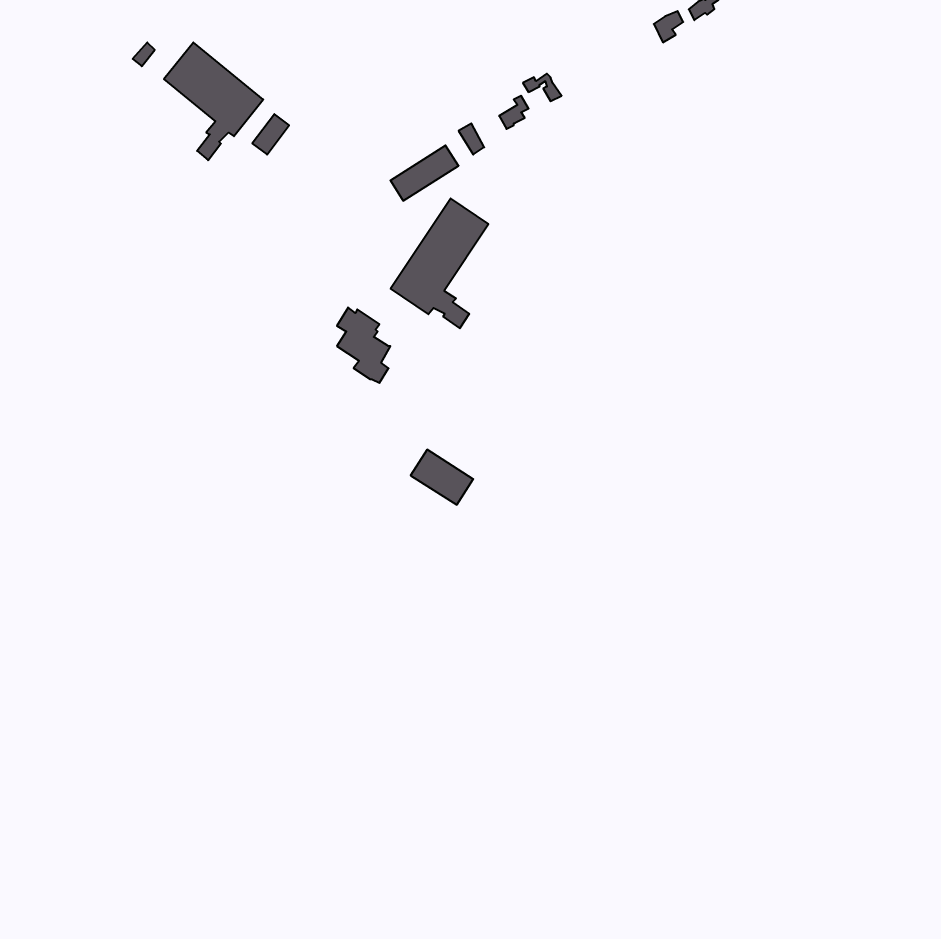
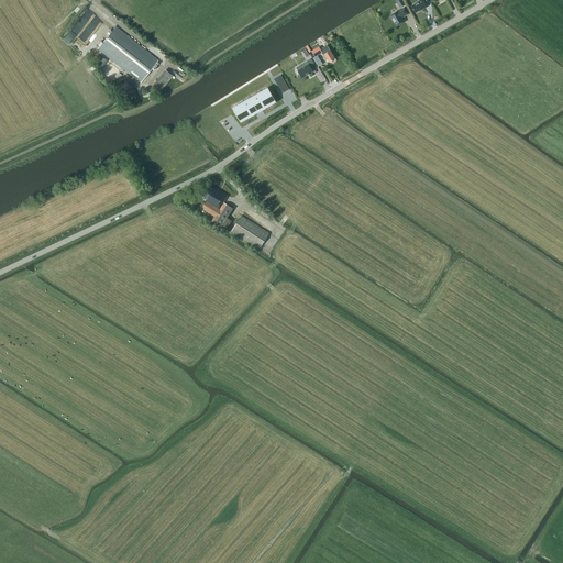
building: [391,198,488,328] -> none
building: [411,450,473,505] -> [232,214,269,247]

